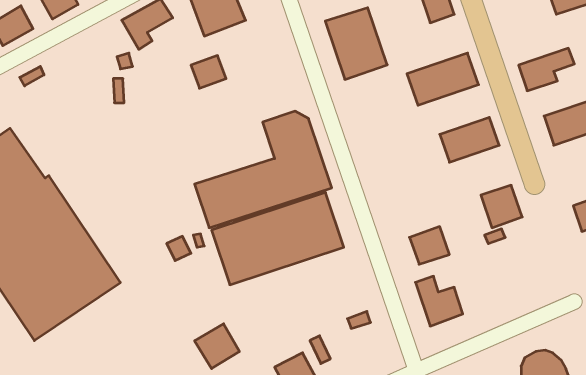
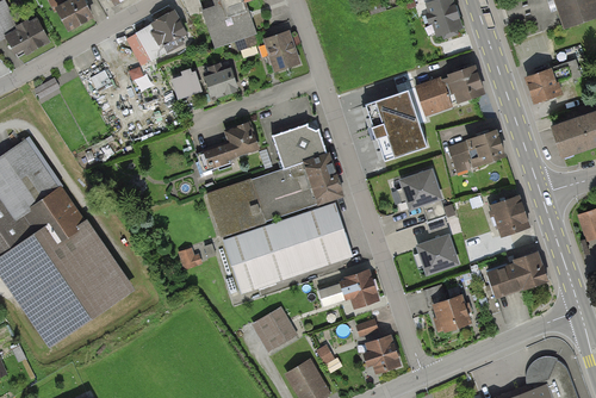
building: [325,8,387,79] -> [365,93,426,163]
building: none -> [263,31,302,74]
building: none -> [170,69,201,99]
building: none -> [199,120,261,170]
building: none -> [399,168,448,232]
building: none -> [486,251,546,296]
building: none -> [316,269,379,310]
building: [195,324,239,369] -> [254,307,298,352]
building: none -> [365,335,401,372]

